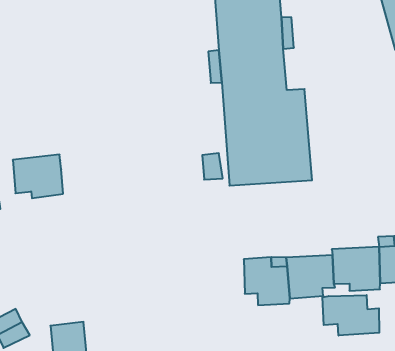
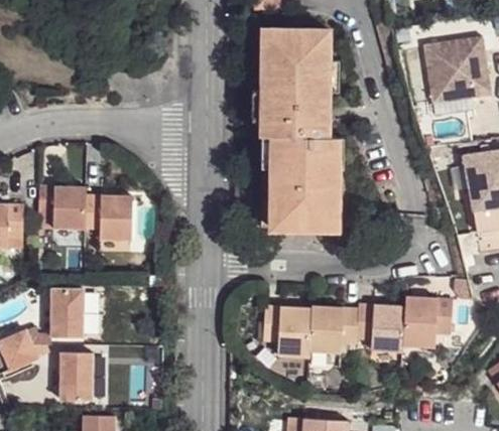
building: none -> [87,193,131,240]
building: none -> [50,289,82,335]
building: [322,295,379,336] -> none

